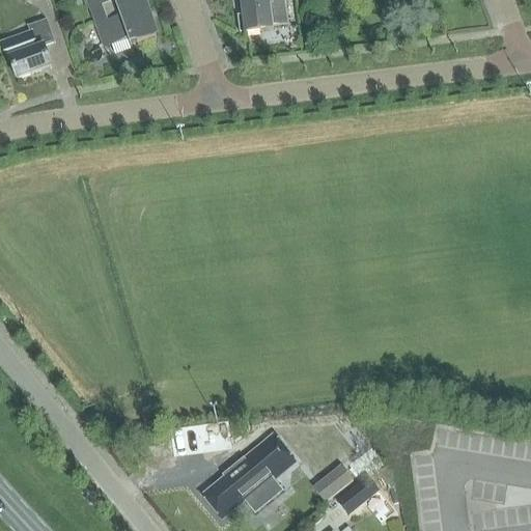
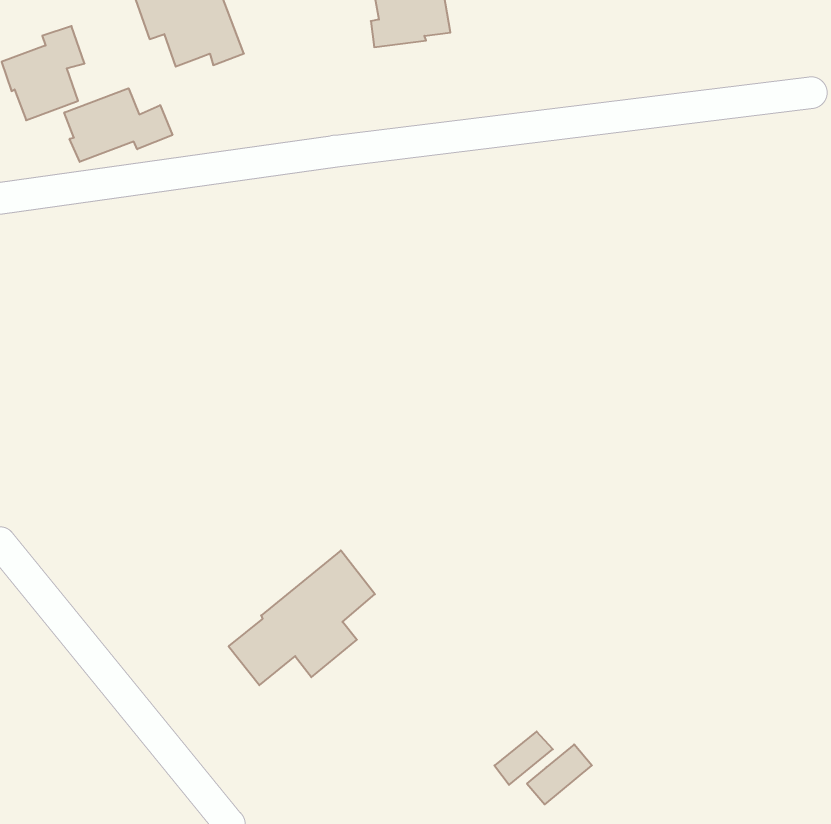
building: none -> [64,88,172,162]
building: [201,431,295,518] -> [229,550,375,685]

